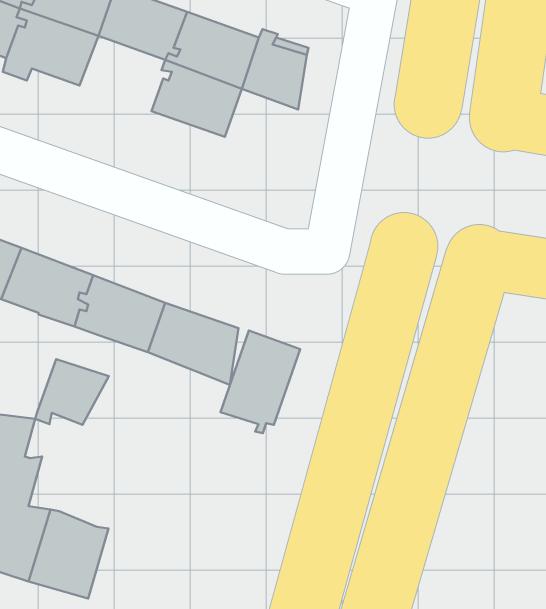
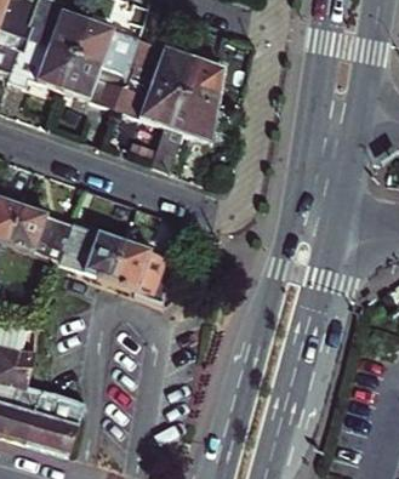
building: none -> [62,55,127,108]
building: none -> [152,92,217,170]
building: [220,331,300,433] -> none
building: [35,359,109,425] -> none

